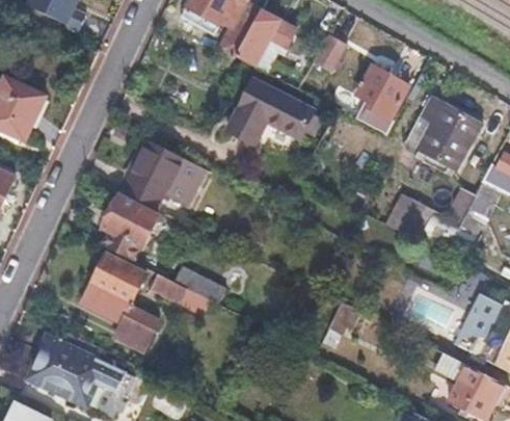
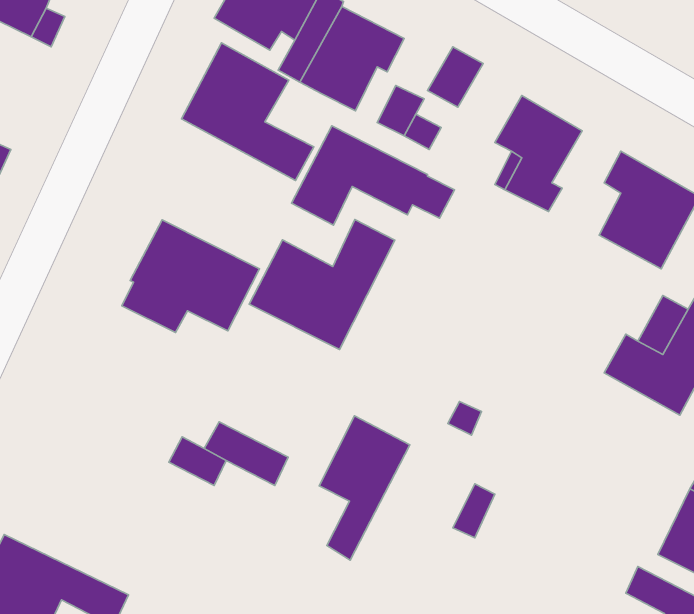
building: none -> [181,43,314,180]
building: none -> [249,220,395,349]
building: [383,191,433,238] -> none
building: [102,193,159,259] -> none
building: [84,253,159,350] -> none
building: none -> [319,416,410,560]

